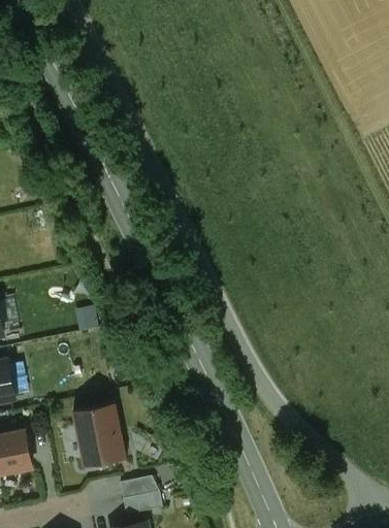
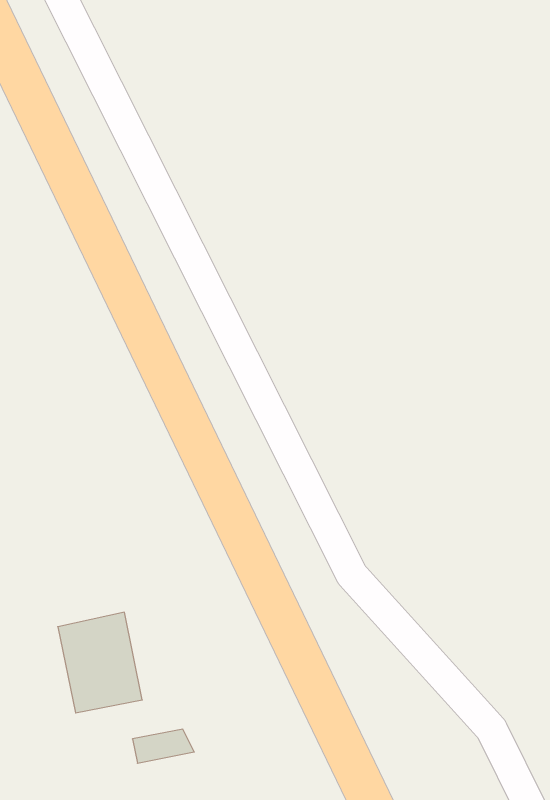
building: [123,492,162,516] -> none

